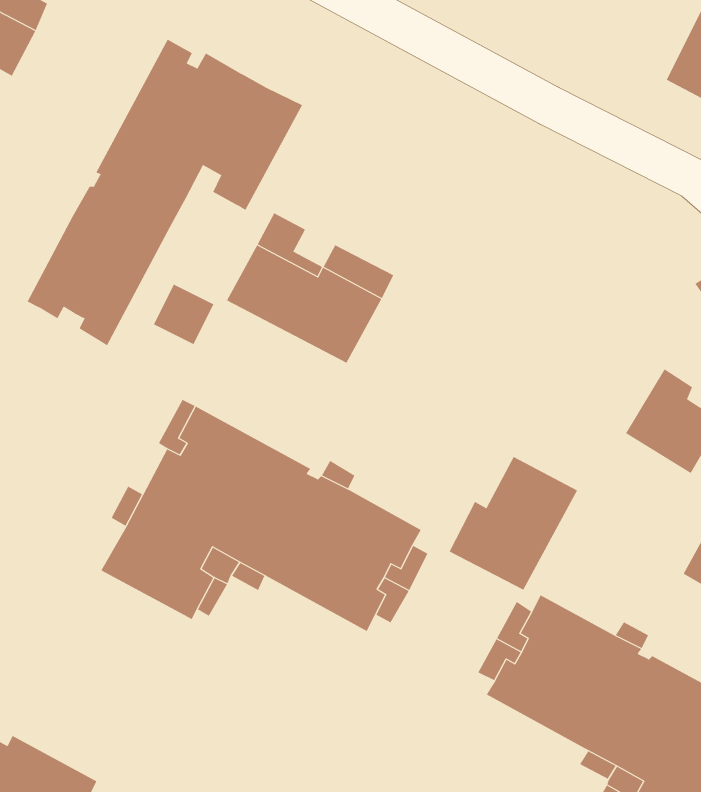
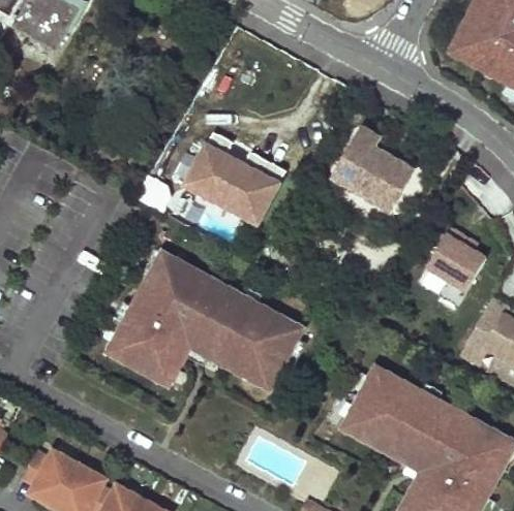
building: [27,39,303,346] -> none
building: none -> [332,130,413,213]
building: [449,456,578,590] -> none

